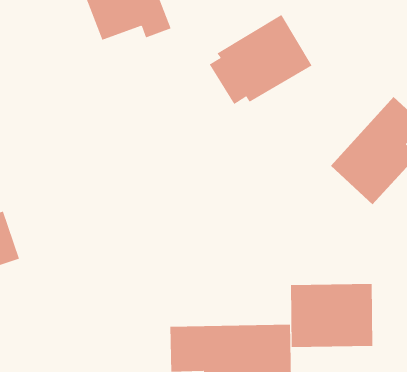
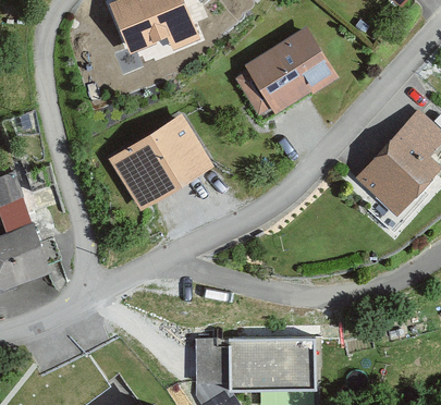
building: none -> [109,115,212,210]
building: [291,283,373,348] -> none

